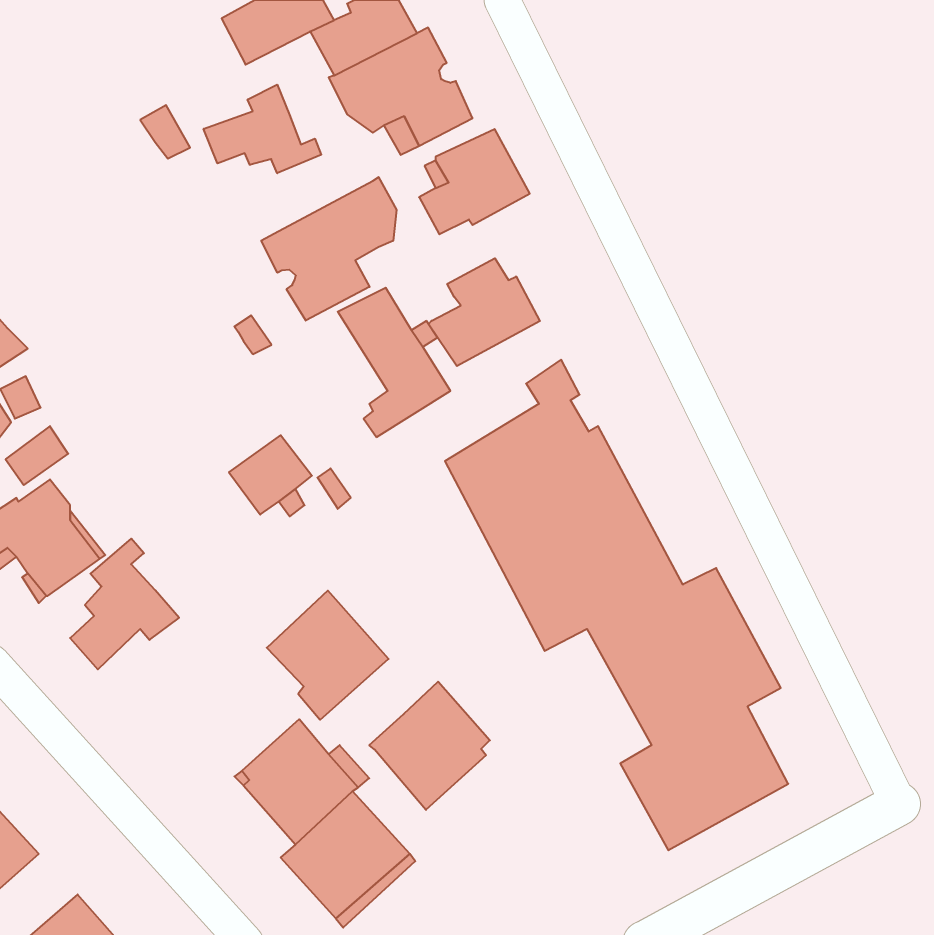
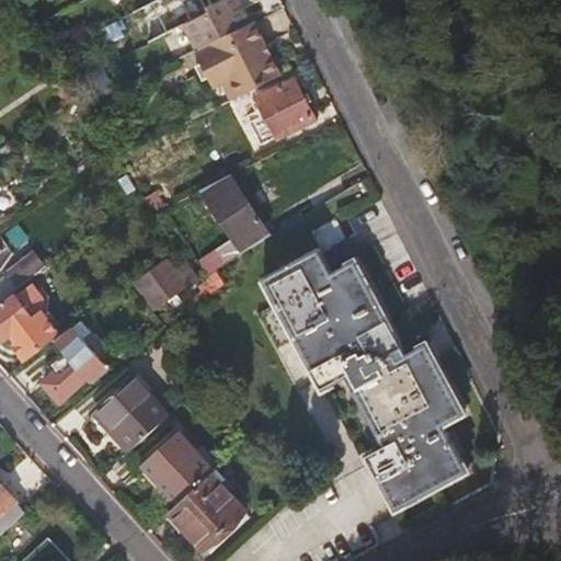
building: [204,85,321,173] -> none
building: [261,177,396,321] -> none
building: [428,258,540,366] -> none
building: [267,591,389,720] -> [91,376,163,453]
building: [369,682,490,810] -> none

